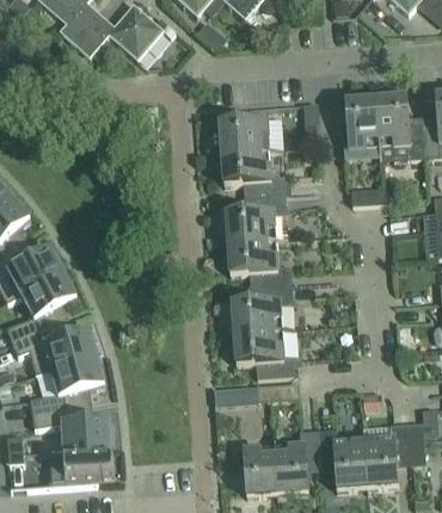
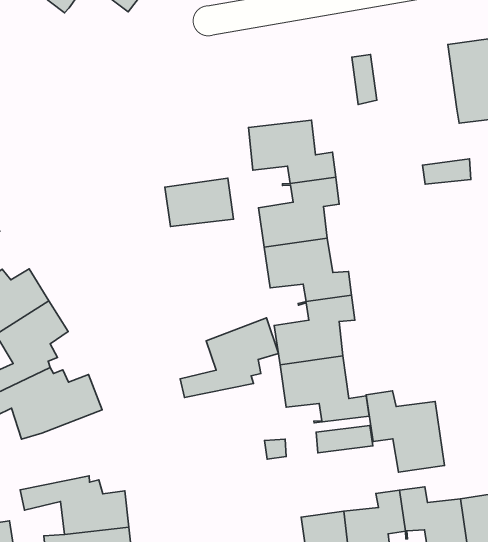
building: [344,98,379,149] -> none
building: [219,117,269,150] -> [165,178,234,226]
building: [29,356,104,412] -> [180,318,278,398]
building: none -> [366,391,445,472]

